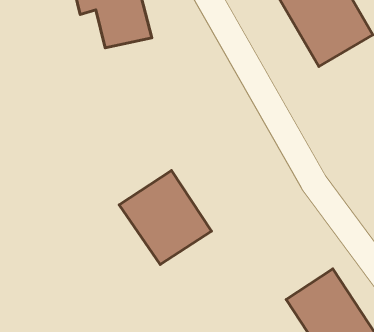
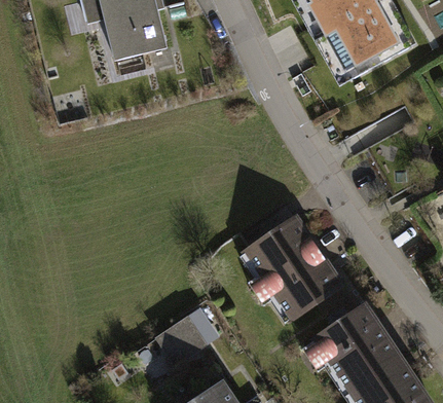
building: [119,170,211,265] -> [241,218,342,322]
building: none -> [156,316,207,365]

